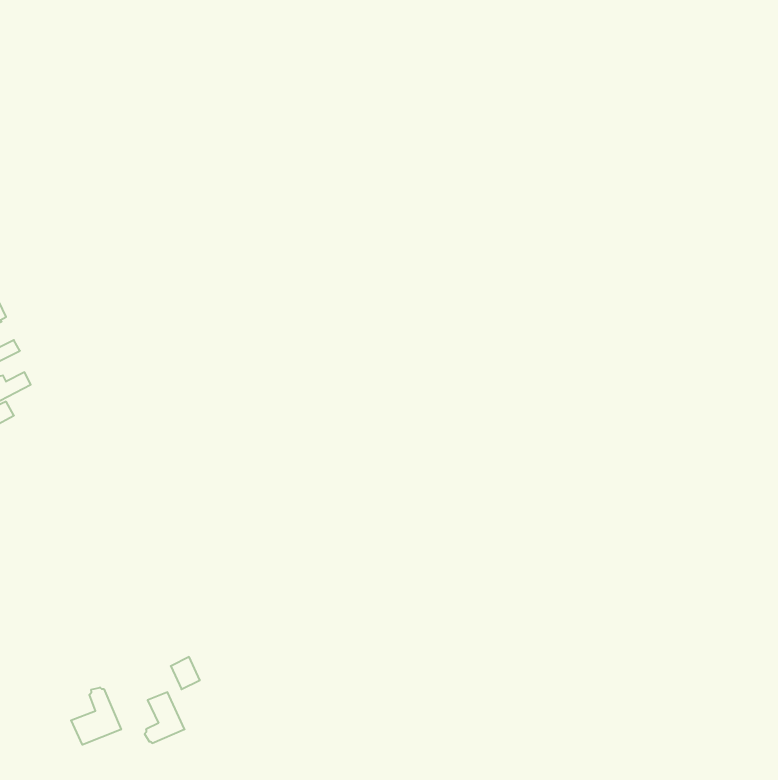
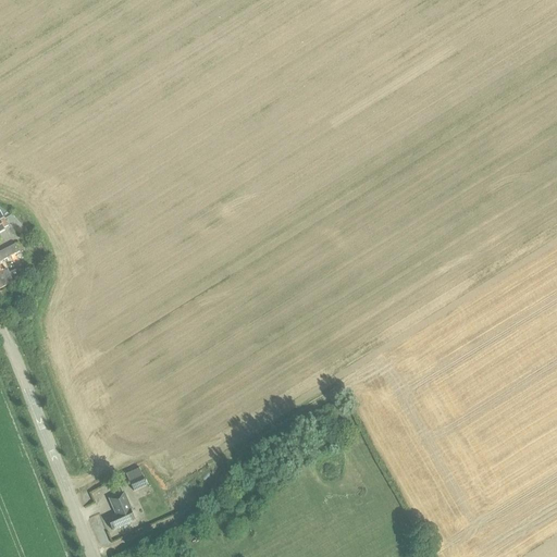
building: [71,687,121,745] -> none

